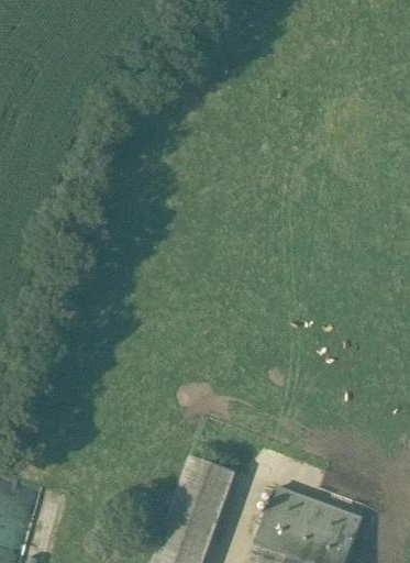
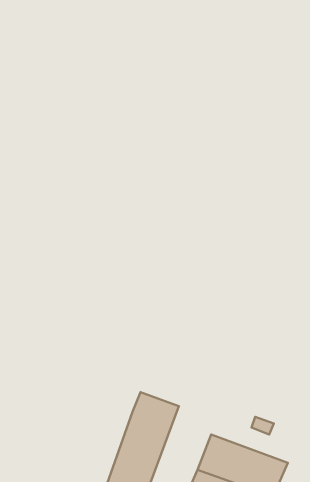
building: [269,489,362,539] -> none

